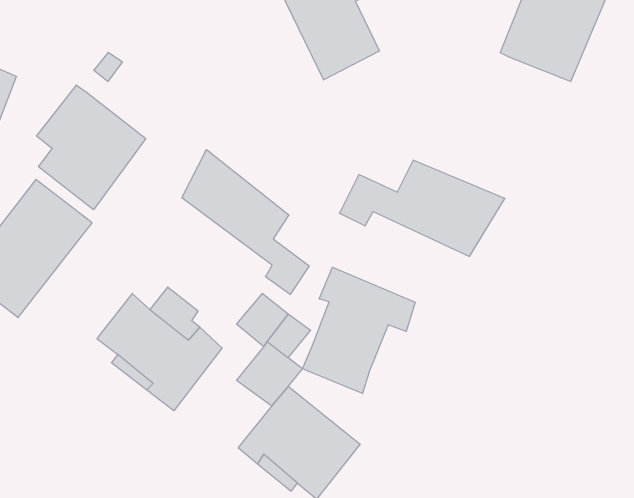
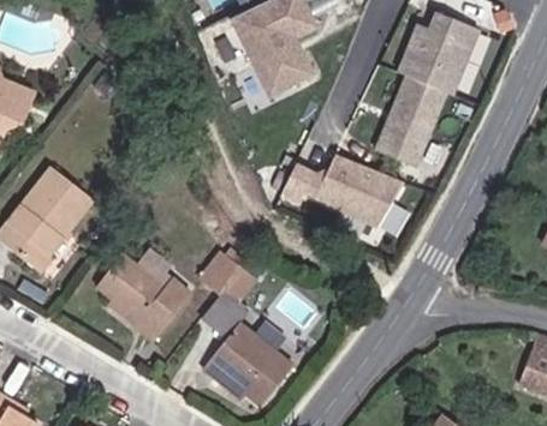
building: none -> [375,77,445,168]
building: [37,85,146,210] -> none
building: [182,150,309,294] -> none
building: [302,267,415,394] -> none

